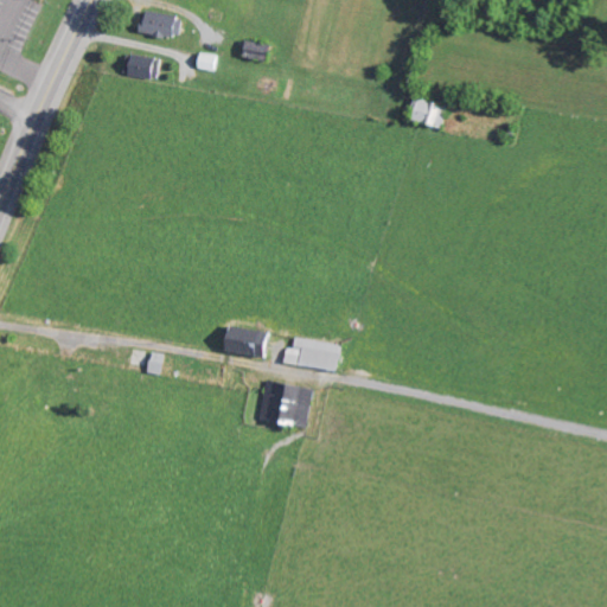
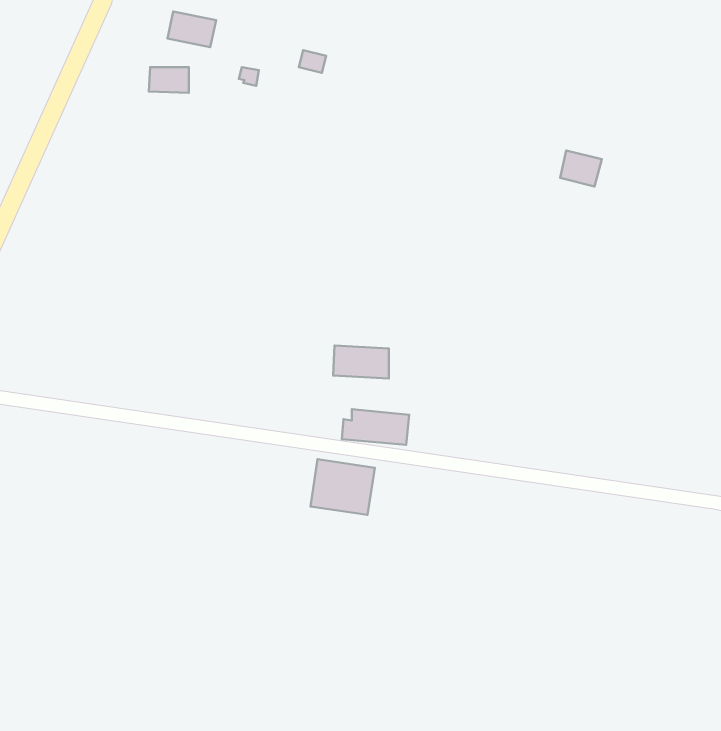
building: [409,98,443,128] -> [560,151,602,186]
building: [224,328,270,356] -> [333,346,389,379]

